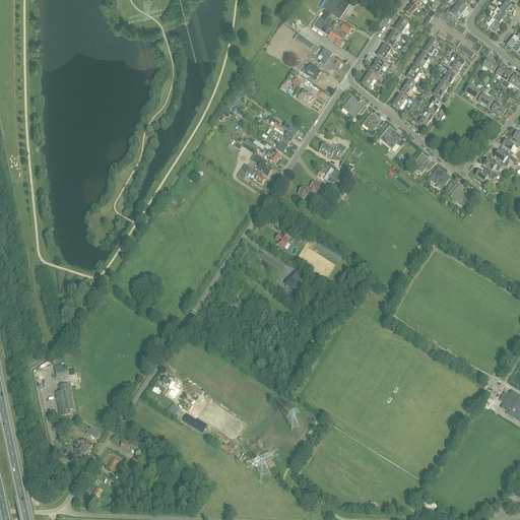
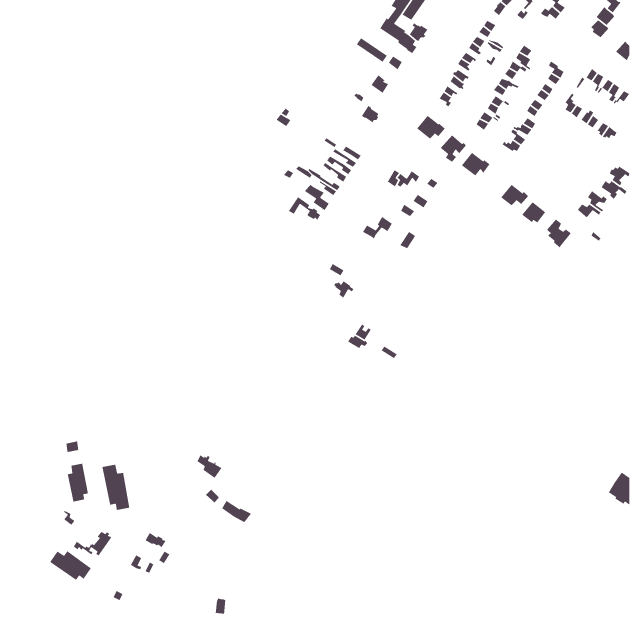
building: none -> [102,464,130,511]
building: none -> [49,550,92,581]

